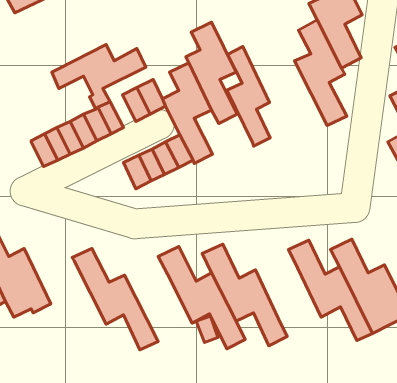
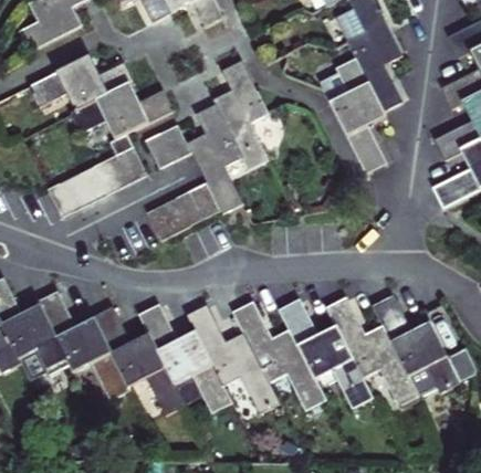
building: none -> [30,56,133,112]
building: [227,46,270,146] -> none
building: none -> [36,290,128,400]
building: none -> [278,298,368,406]
building: none -> [137,303,228,412]

